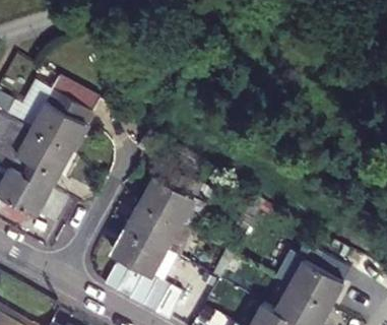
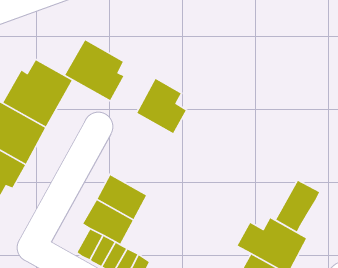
building: none -> [64,39,125,101]
building: [141,162,195,222] -> [136,78,187,134]
building: none -> [275,180,320,232]

